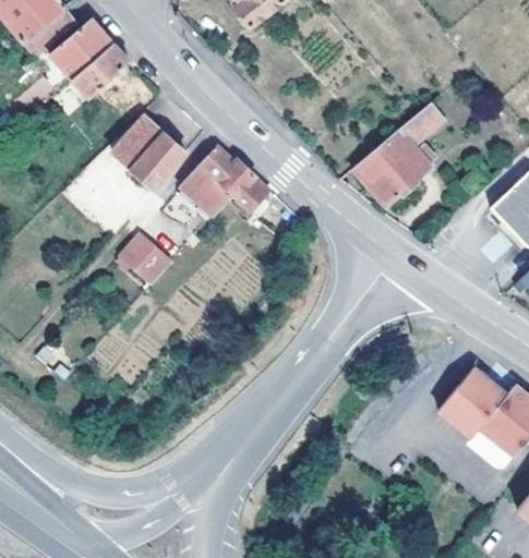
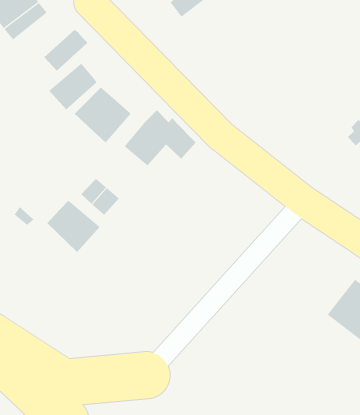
building: [49,16,112,77] -> [48,63,97,110]
building: [352,94,447,205] -> none
building: none -> [46,200,101,253]

